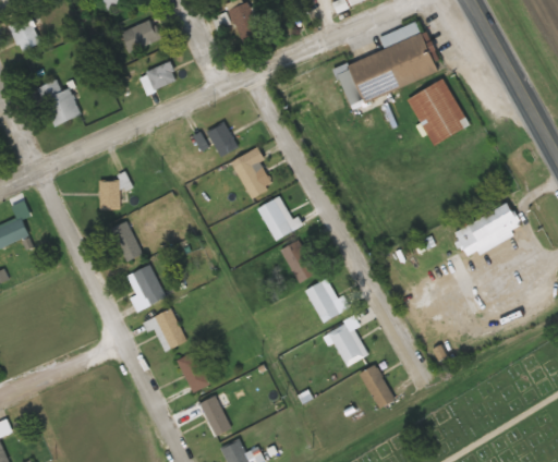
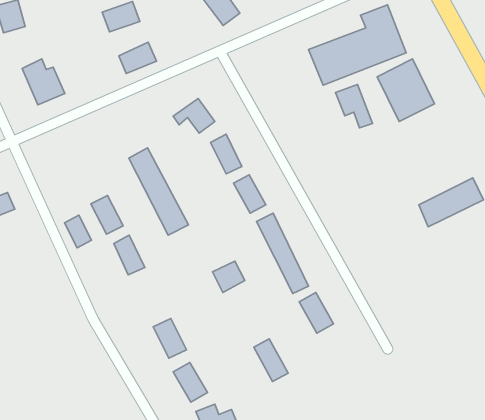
building: none -> [336,85,372,128]
building: none -> [129,148,188,235]
building: [99,180,121,207] -> none
building: none -> [64,215,92,248]
building: none -> [212,261,245,292]
building: [154,307,185,348] -> none
building: [357,363,393,408] -> [254,339,288,381]

